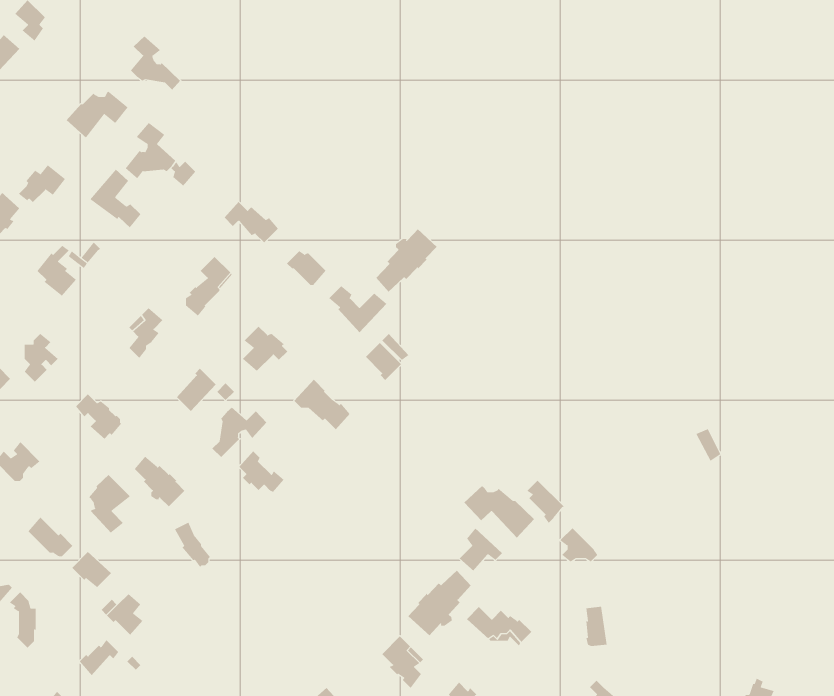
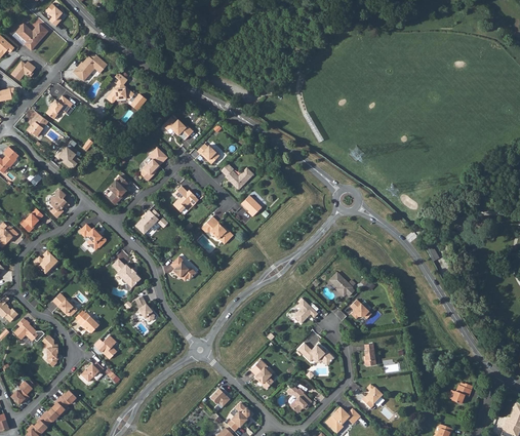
building: [130,35,181,90] -> none
building: [90,169,141,228] -> none
building: [375,228,437,292] -> none
building: [212,407,267,458] -> none
building: [88,474,131,533] -> none
building: [464,485,535,538] -> none
building: [408,570,471,636] -> none

